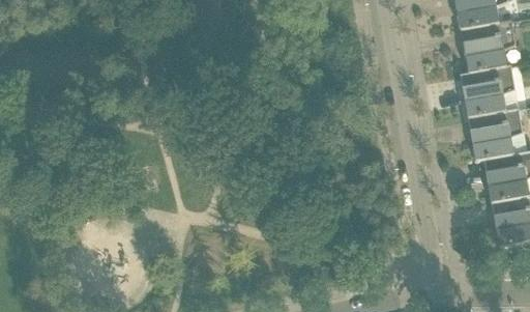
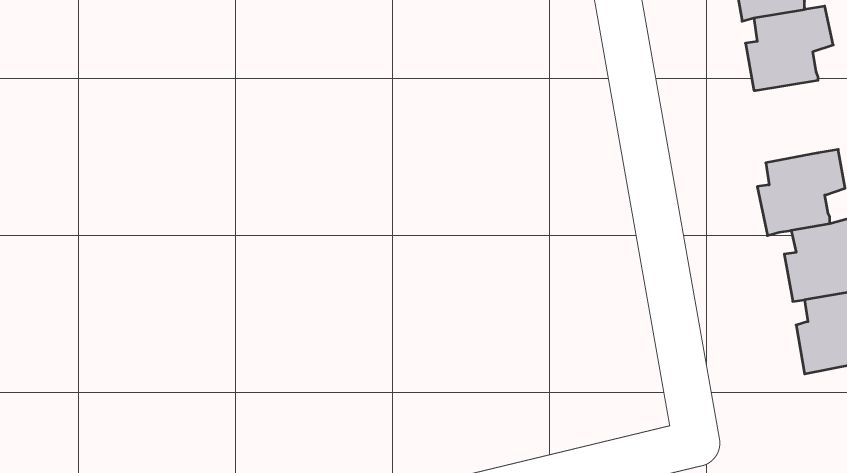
building: [459,65,514,118] -> none

